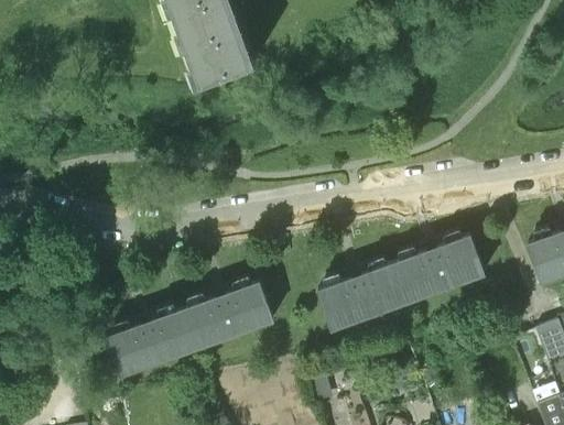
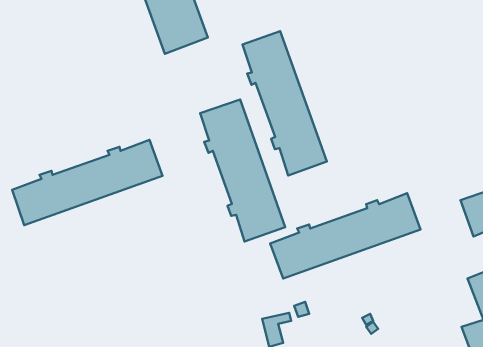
building: none -> [242,31,327,175]
building: none -> [200,99,285,242]
building: [108,282,273,375] -> [12,140,163,225]

